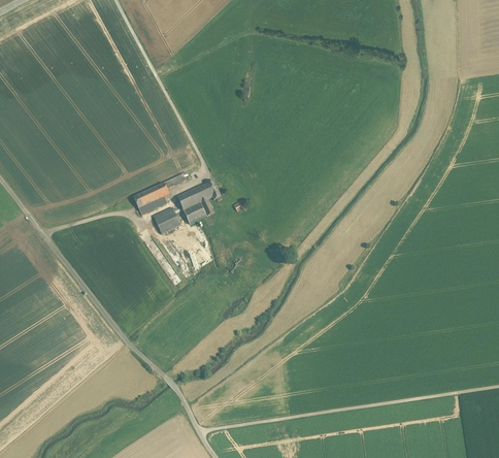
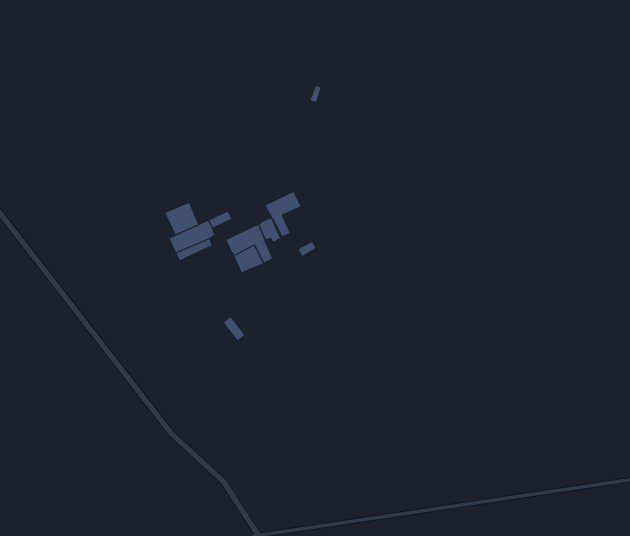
building: none -> [265,191,301,237]
building: [154,208,180,234] -> [165,202,199,235]

